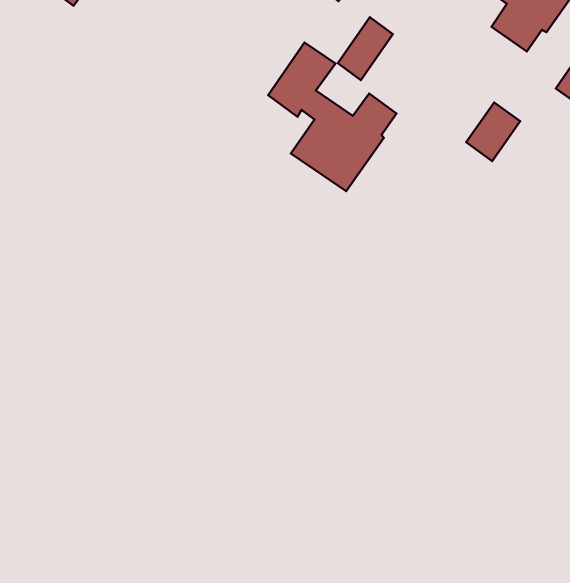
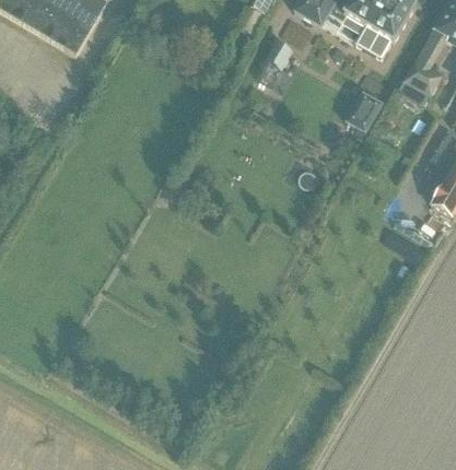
building: [268,43,397,191] -> none

